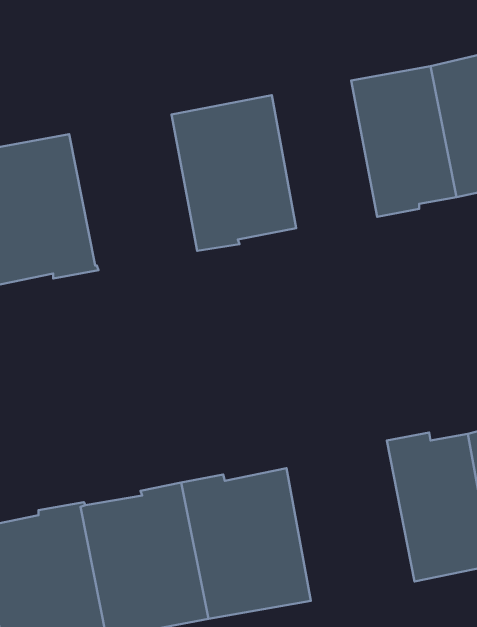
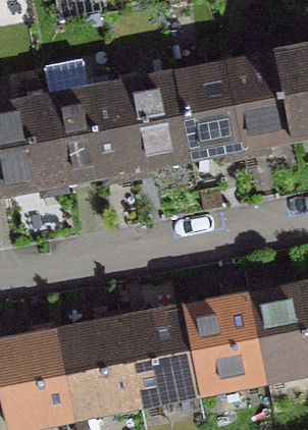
building: none -> [174,65,241,158]
building: none -> [47,87,127,181]
building: none -> [184,291,264,392]

